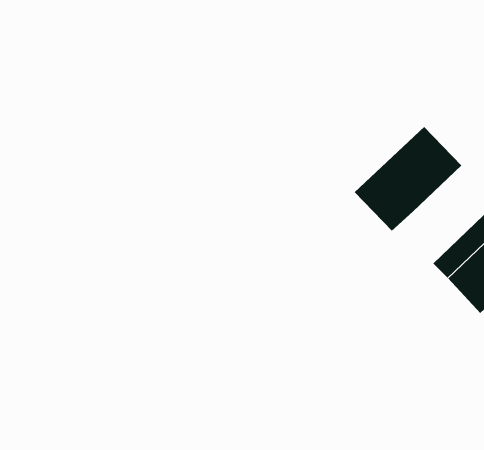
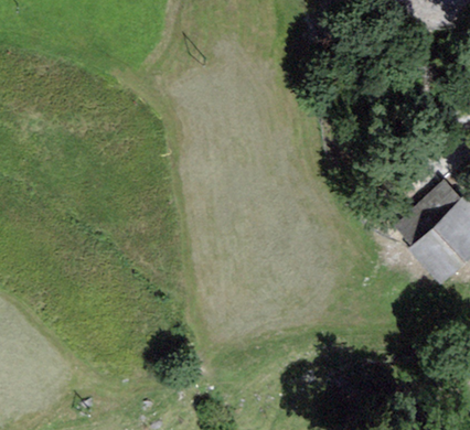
building: [354,126,462,231] -> none

